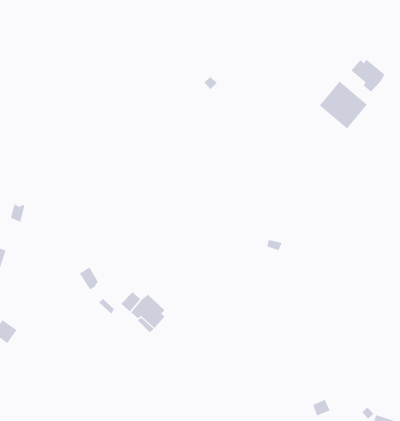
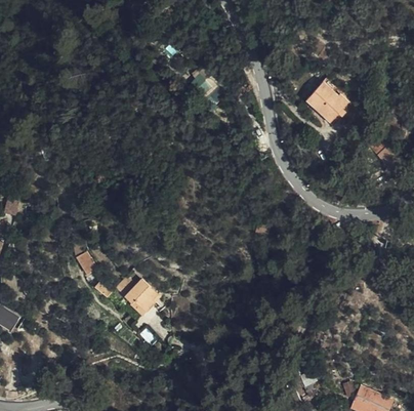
building: [350,59,386,93] -> none

